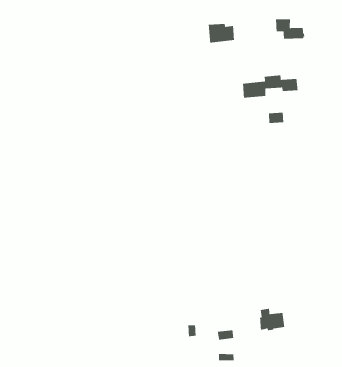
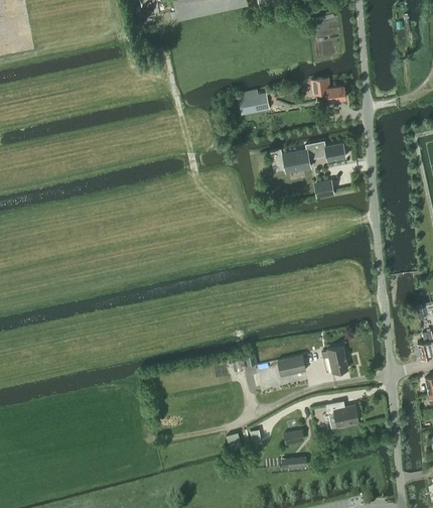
building: none -> [321,346,347,372]
building: none -> [277,355,305,376]

